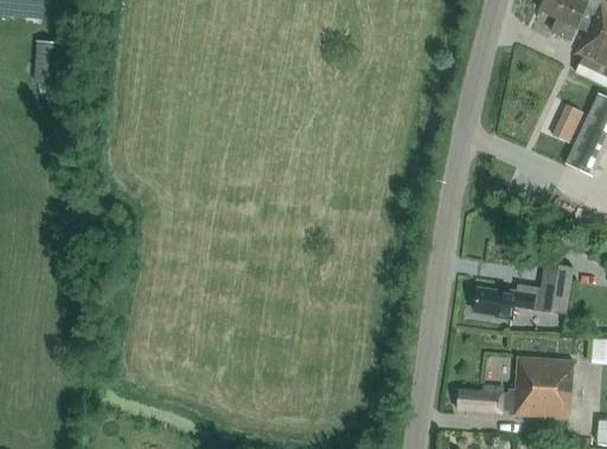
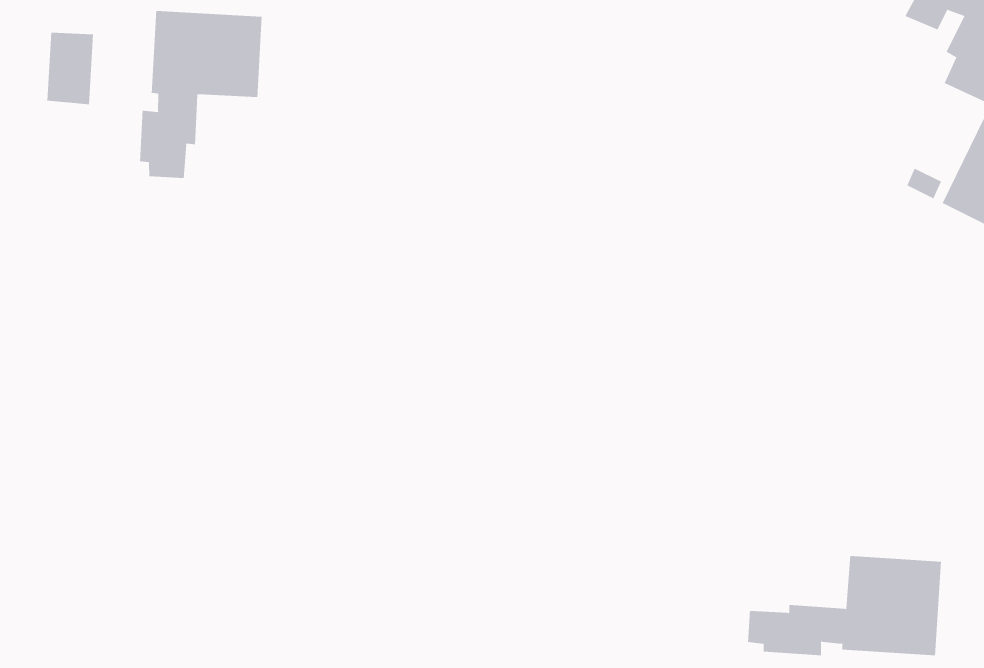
building: none -> [140,10,262,179]
building: [475,263,571,320] -> none

